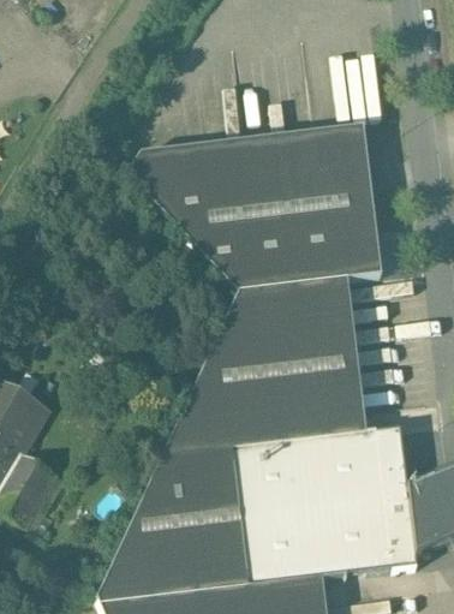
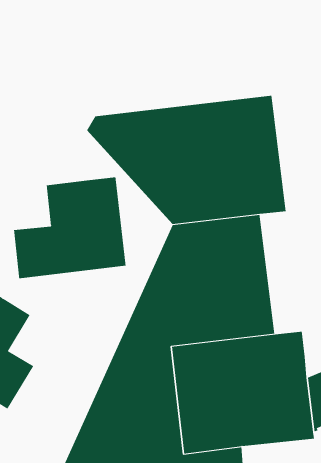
building: none -> [13,176,126,279]

